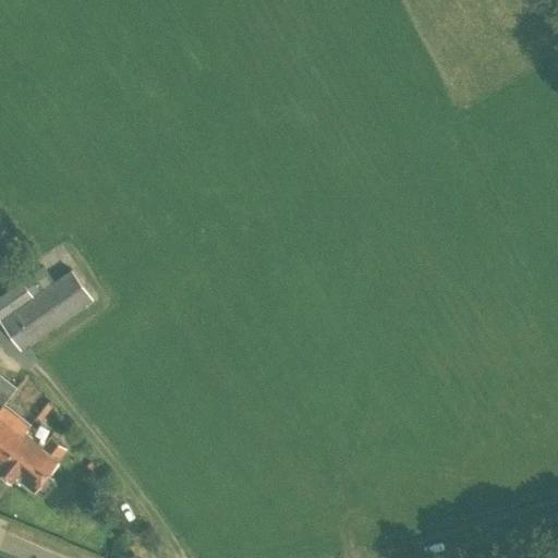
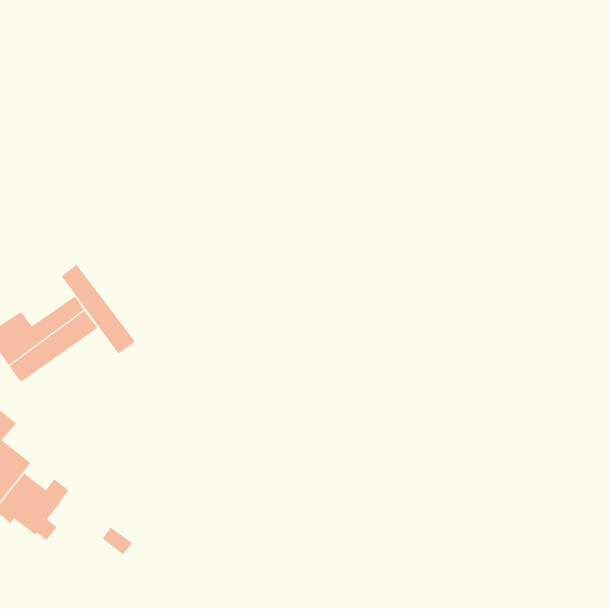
building: none -> [61,264,136,355]

